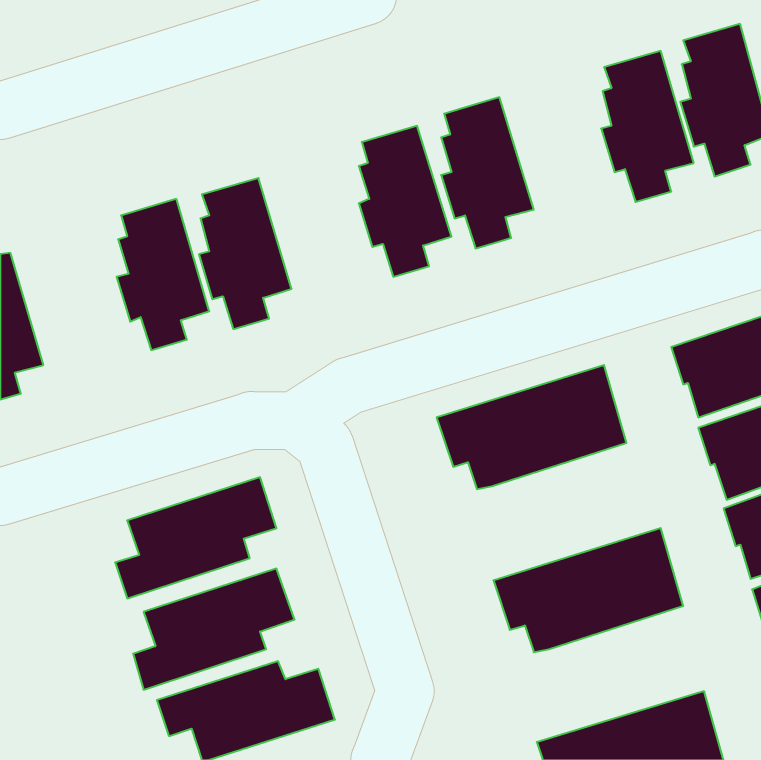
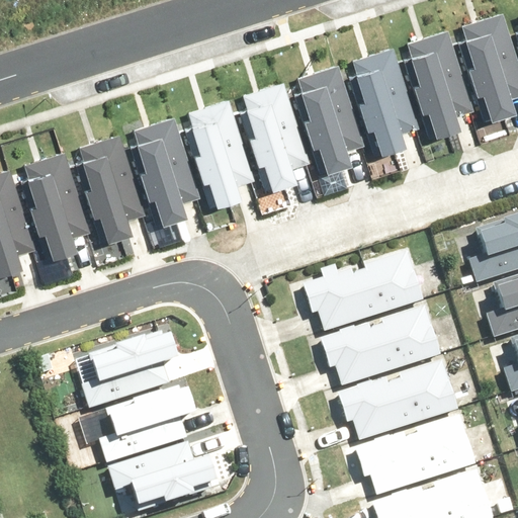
building: none -> [355,50,418,152]
building: none -> [191,101,254,203]
building: none -> [24,152,87,254]
building: none -> [316,303,444,386]
building: none -> [351,412,480,496]

